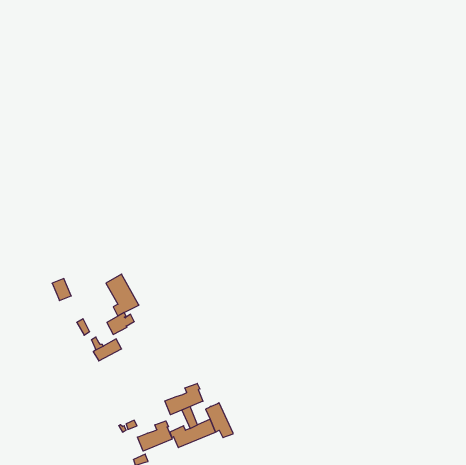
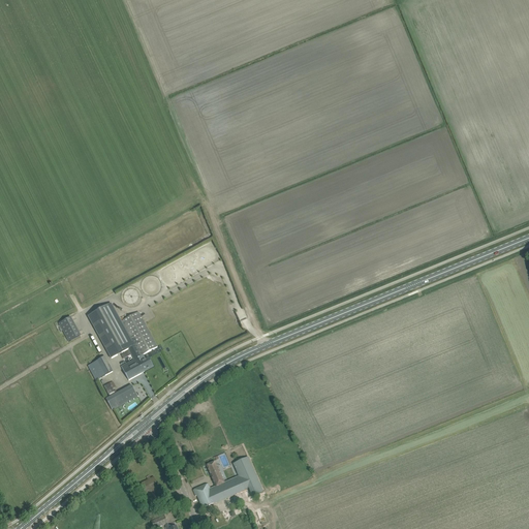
building: none -> [87,302,133,356]
building: [165,383,203,415] -> none
building: [137,421,172,451] -> none

